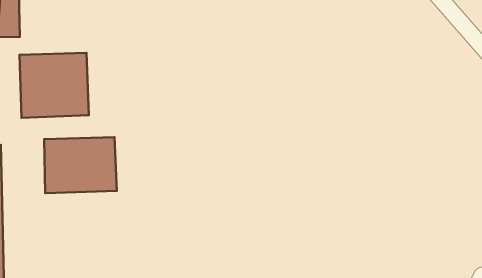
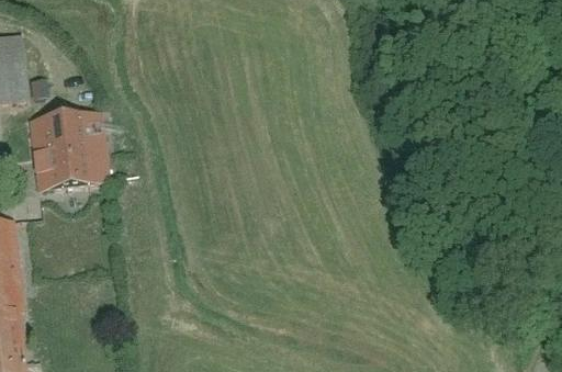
building: [44,137,117,193] -> none

